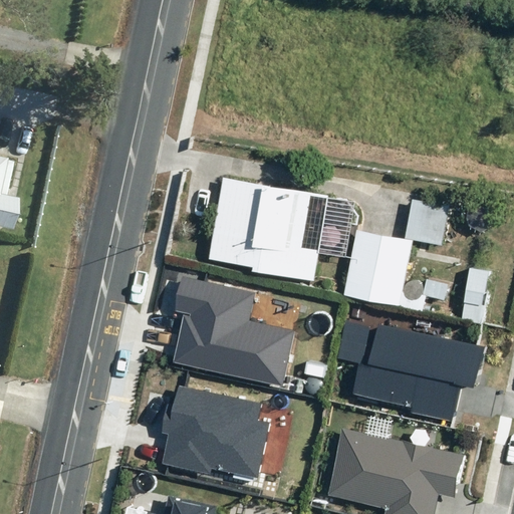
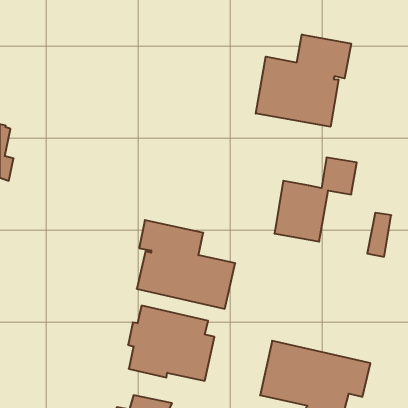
building: none -> [256,34,351,127]
building: [207,177,329,283] -> none
building: [338,324,486,423] -> none

